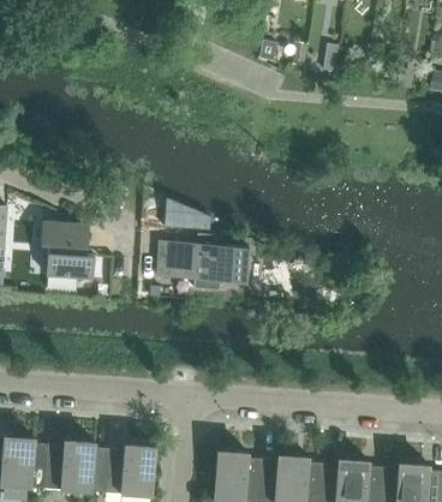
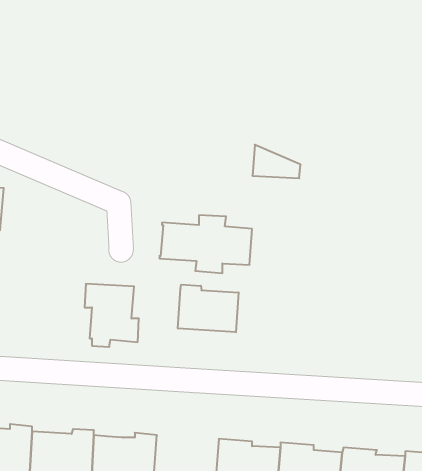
building: [163,198,210,231] -> [252,145,301,178]
building: [41,222,94,283] -> [85,284,139,347]
building: none -> [178,285,239,332]

